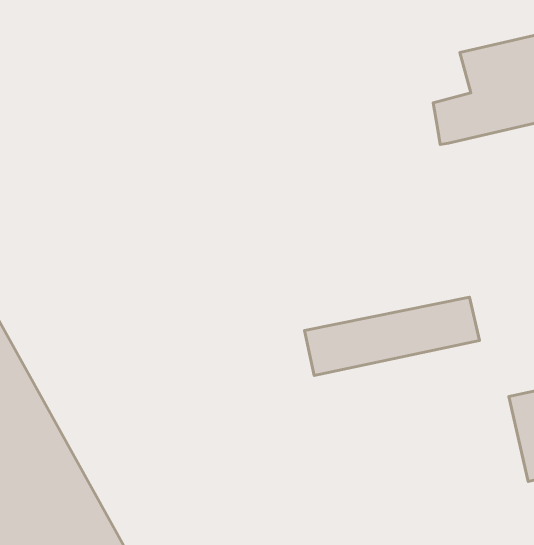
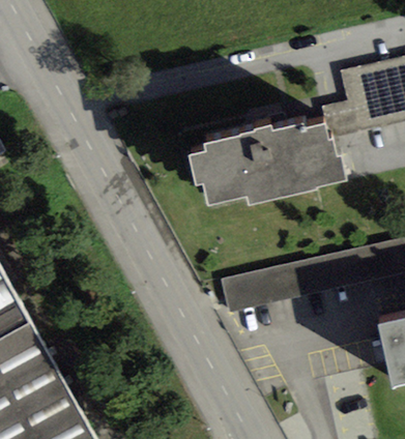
building: none -> [190,123,347,205]

